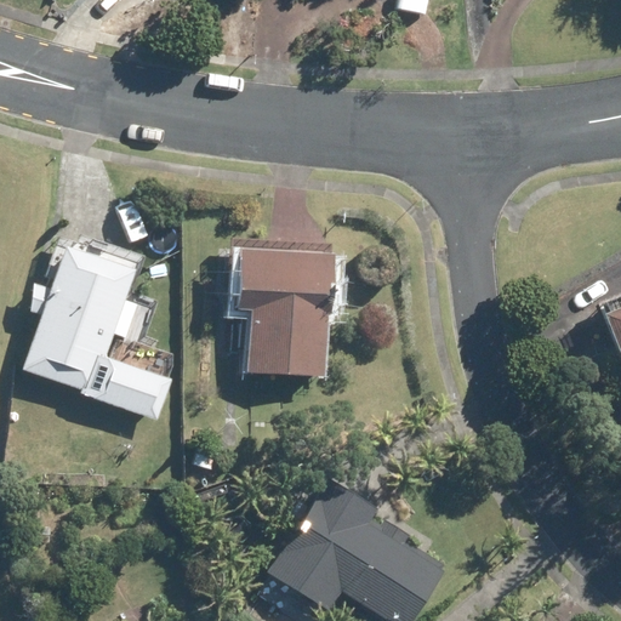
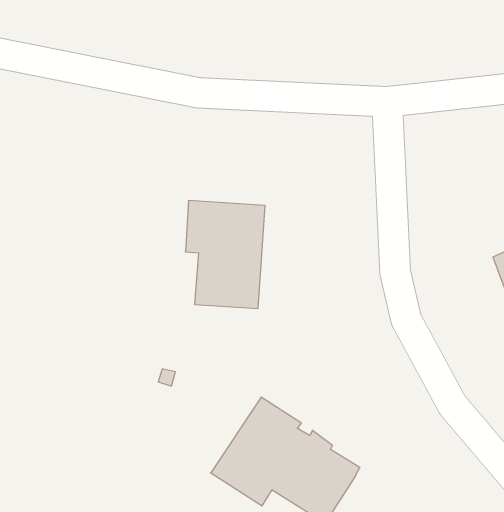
building: [24,244,171,421] -> none

